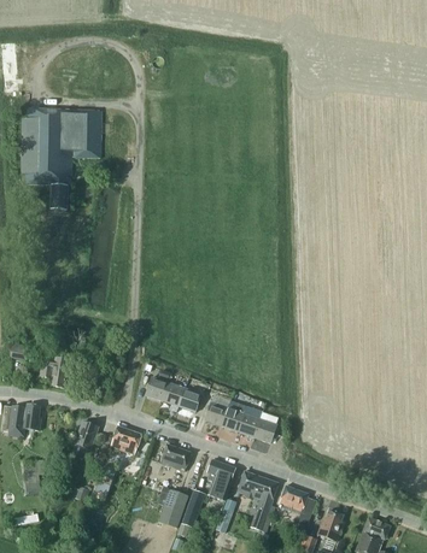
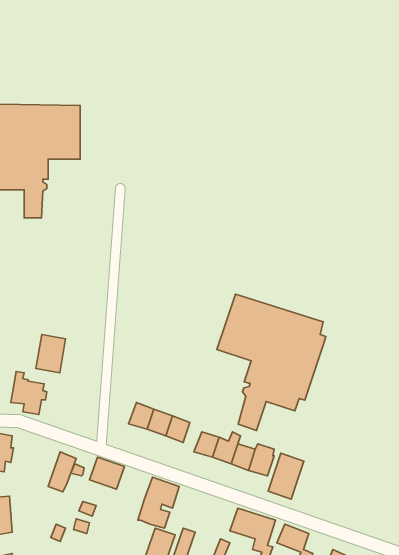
building: none -> [217,294,326,430]
building: none -> [36,335,66,373]
building: none -> [268,453,304,499]
building: [207,459,235,500] -> none

